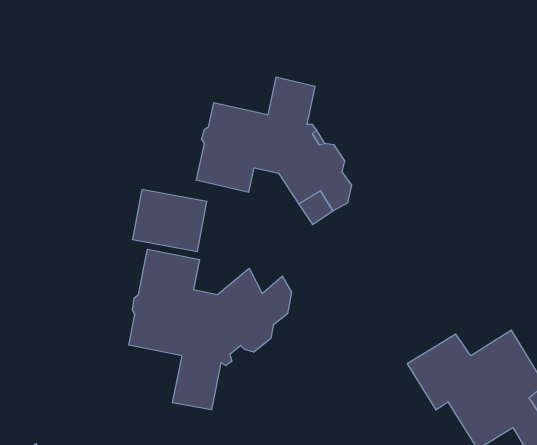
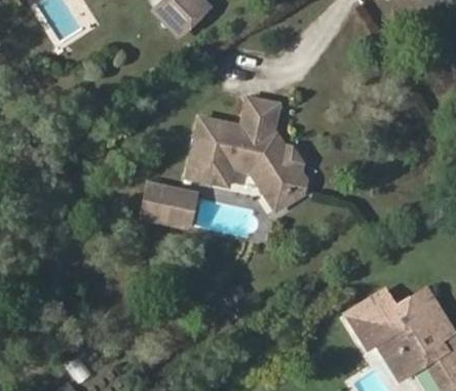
building: [129,249,292,410] -> none

